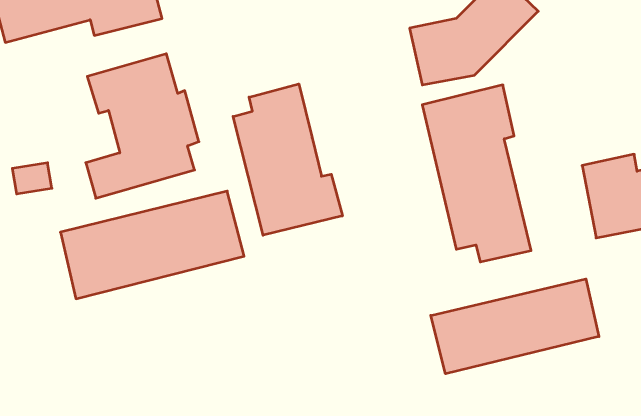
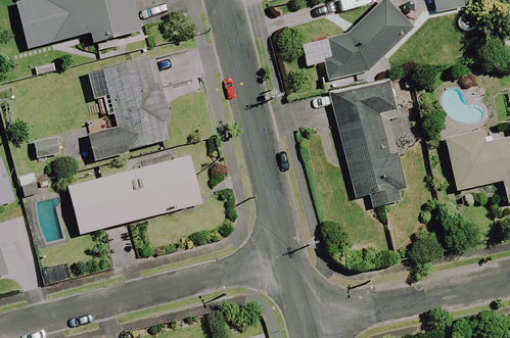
building: [233,84,342,235] -> none
building: [431,279,599,374] -> none

